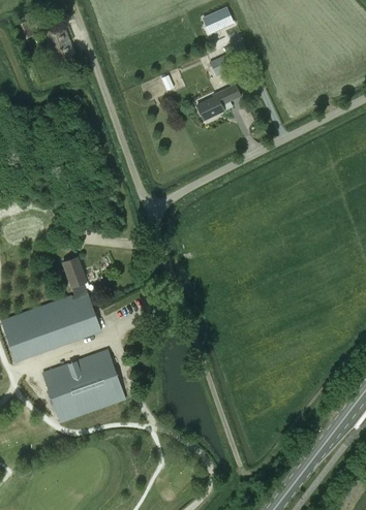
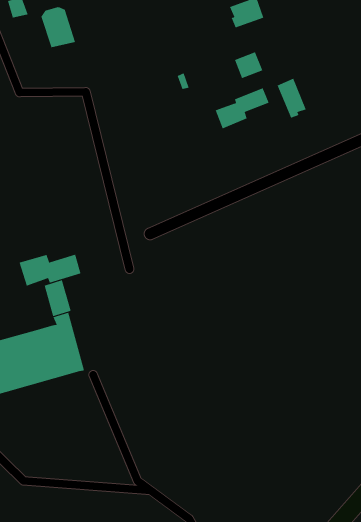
building: none -> [277,78,307,118]
building: none -> [19,254,81,287]
building: [41,349,125,422] -> none

